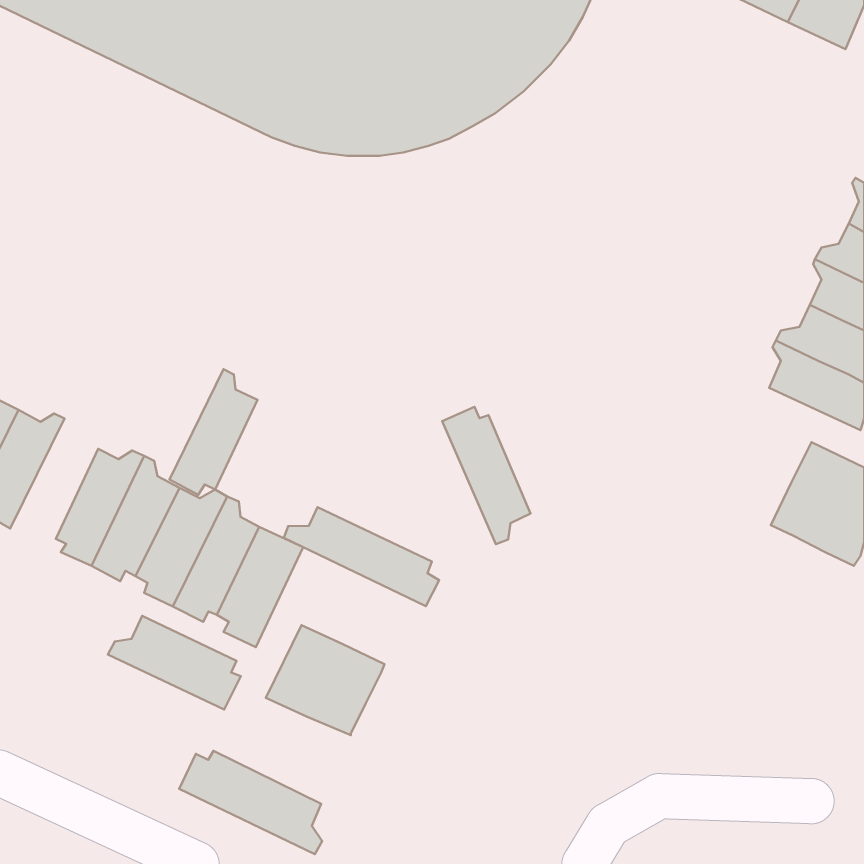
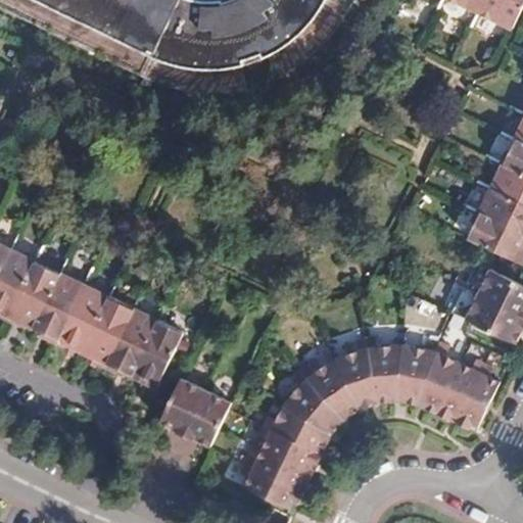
building: [169,369,258,495] -> [6,252,59,328]
building: [442,407,530,544] -> none
building: [284,507,439,606] -> none
building: none -> [240,334,500,505]
building: [108,616,241,709] -> none
building: [179,751,322,854] -> none

